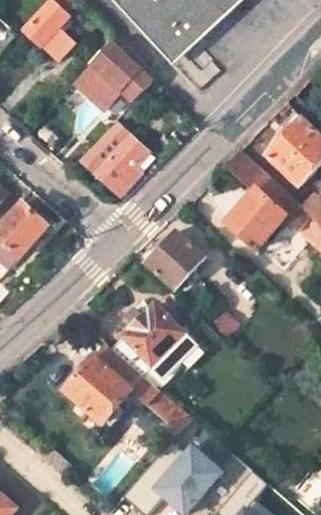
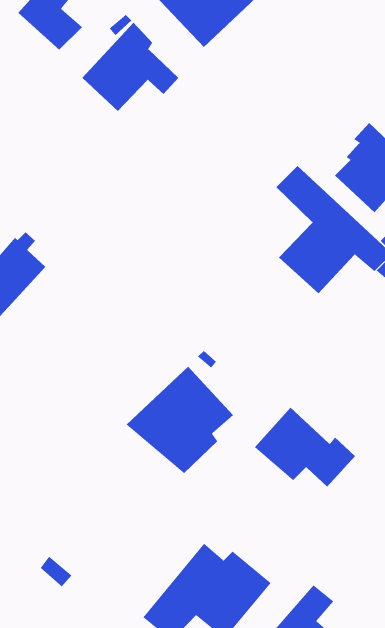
building: [82,122,150,194] -> none
building: [145,231,223,294] -> [254,407,356,487]
building: [63,344,188,432] -> none

